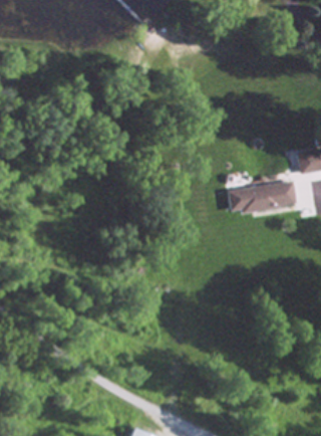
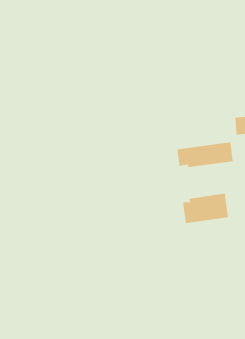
building: none -> [183,193,229,224]

